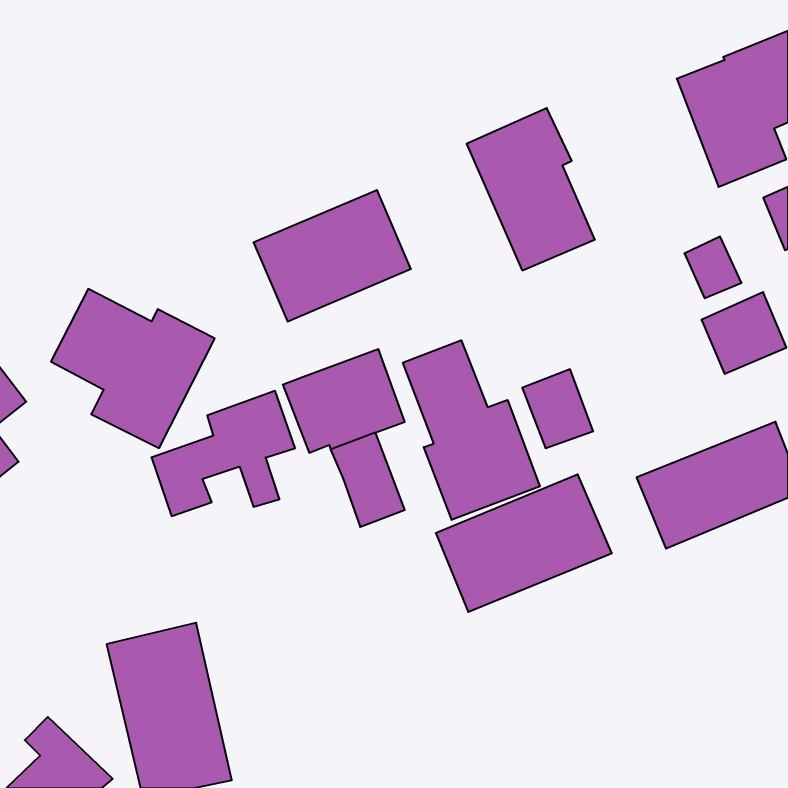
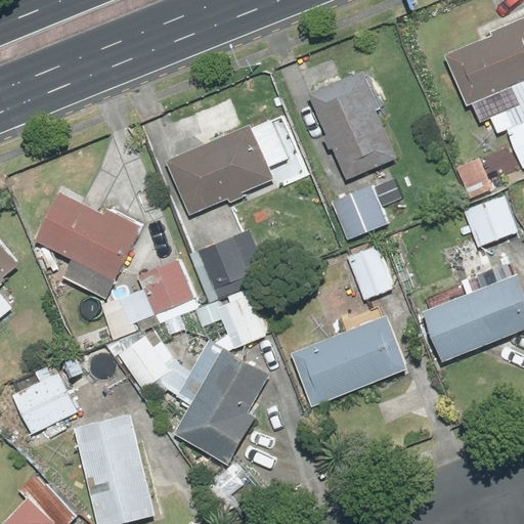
building: none -> [333,185,388,238]
building: [403,340,540,520] -> none
building: none -> [119,333,268,463]
building: none -> [10,369,77,435]

